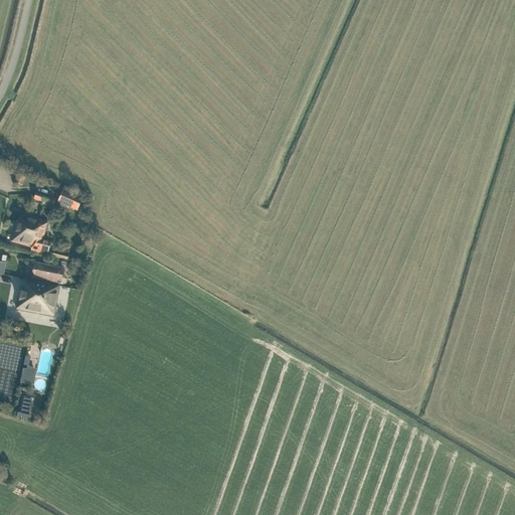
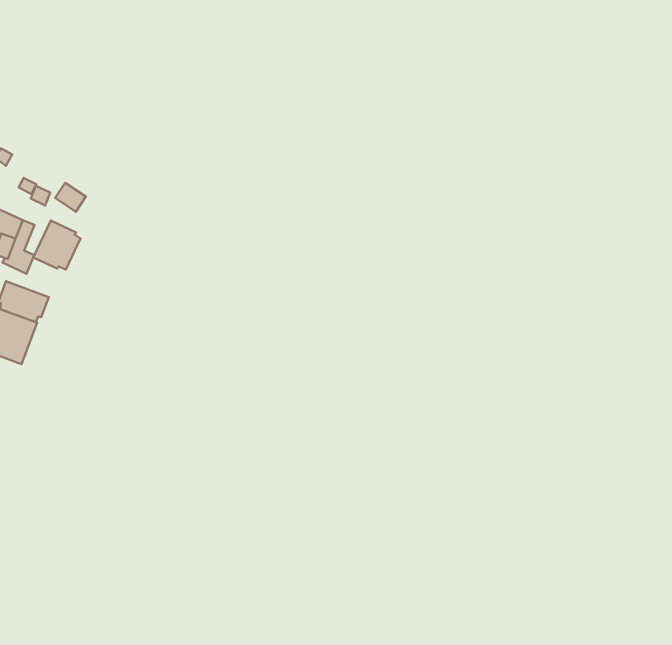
building: none -> [33,220,80,270]

